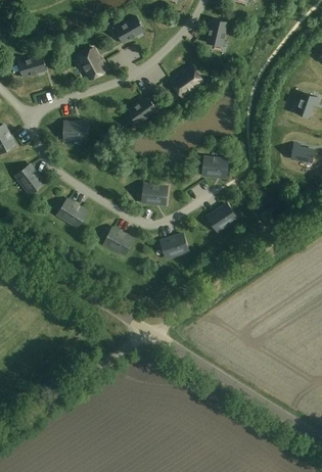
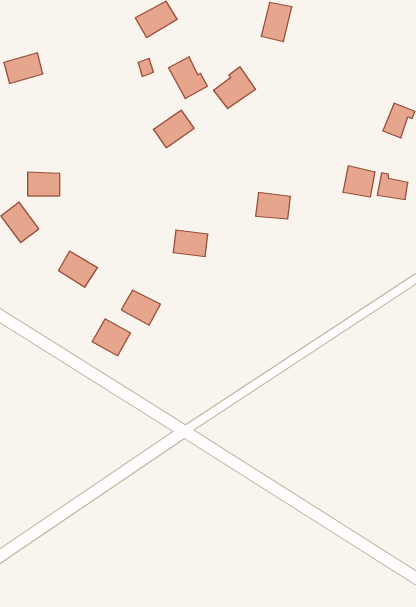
building: [79,48,107,79] -> [168,57,207,99]
building: [64,123,88,140] -> [28,172,60,196]
building: none -> [343,166,375,197]
building: [209,204,237,231] -> none
building: [162,234,189,257] -> none
building: none -> [92,319,131,356]

